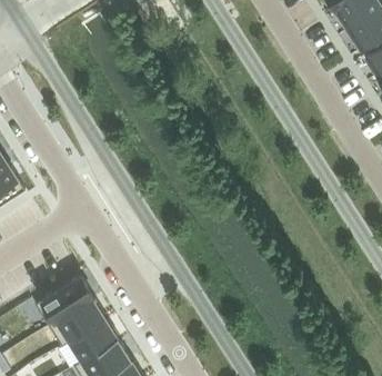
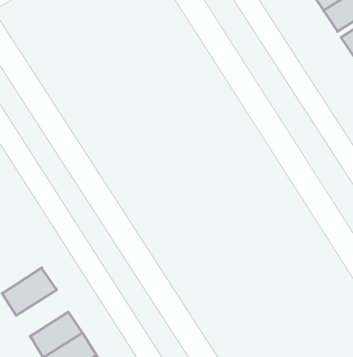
building: [48,297,104,346] -> none

